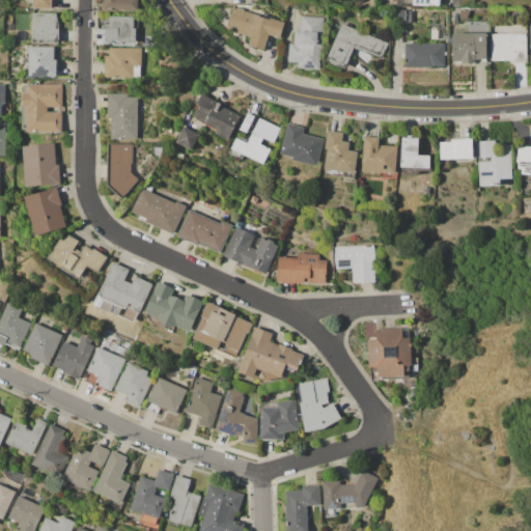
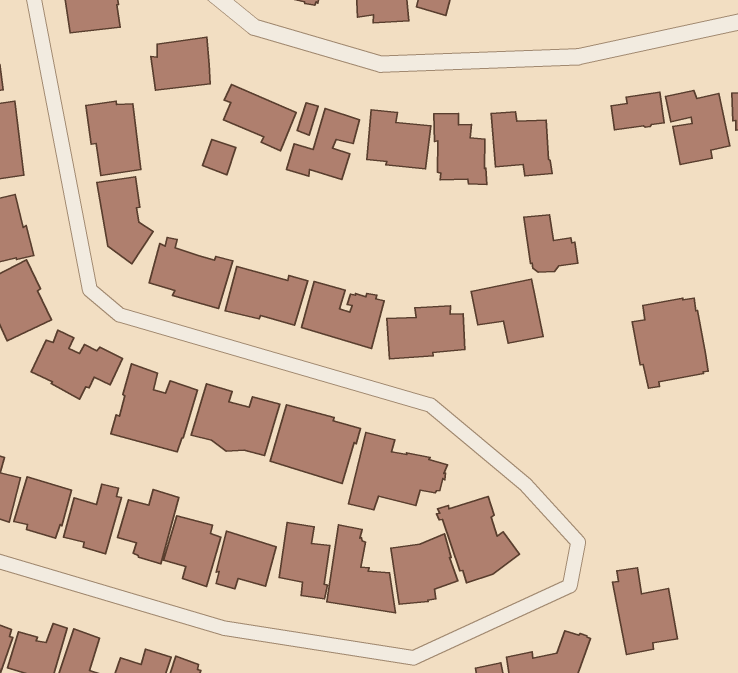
building: [104,48,141,78] -> [151,37,210,90]
building: [400,137,430,174] -> [524,215,578,272]
building: [367,328,411,382] -> [632,298,708,388]
building: none -> [612,568,678,655]

